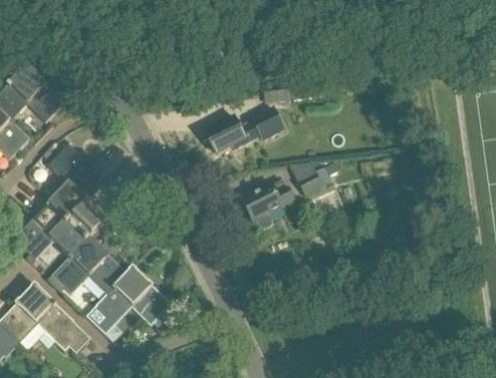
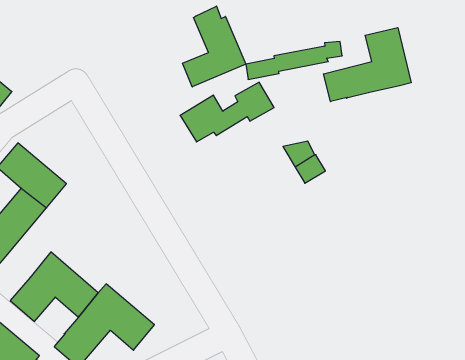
building: none -> [183,6,246,87]
building: none -> [323,28,411,102]
building: [244,180,295,230] -> none
building: [51,200,112,257] -> none

